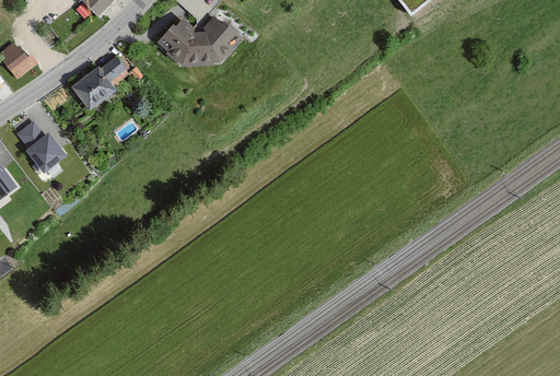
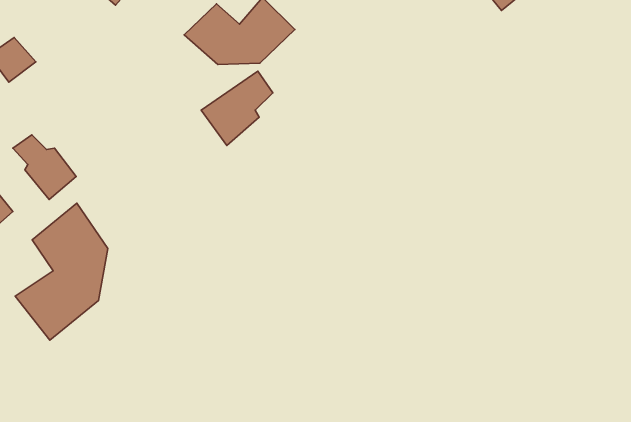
building: [70,54,128,114] -> [201,71,273,145]
building: none -> [15,203,108,340]

